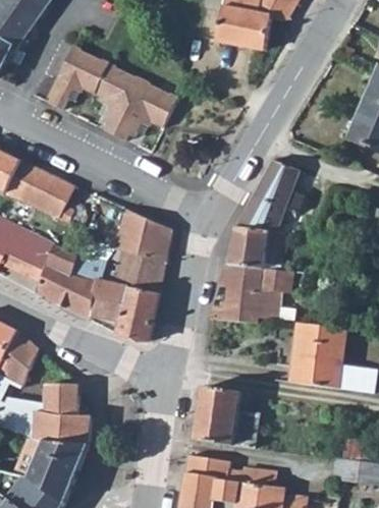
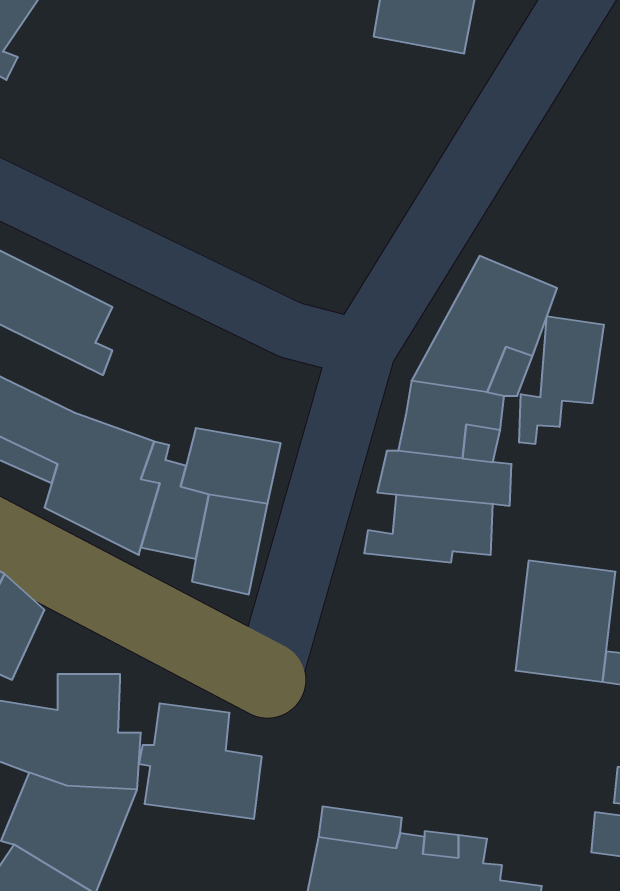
building: [45,47,175,140] -> none
building: none -> [519,316,604,444]
building: [112,207,170,260] -> none
building: [191,386,257,448] -> [139,703,262,819]

